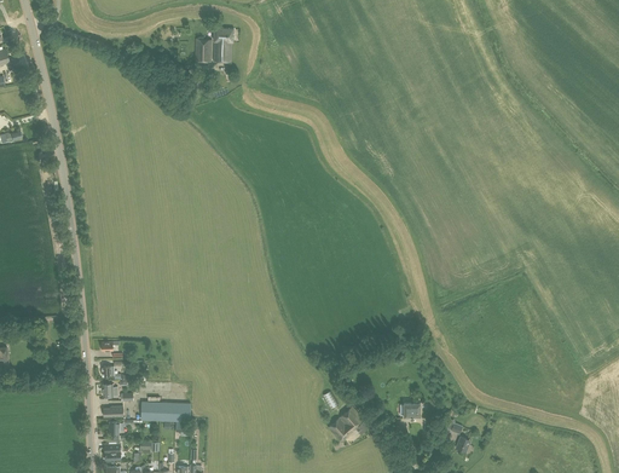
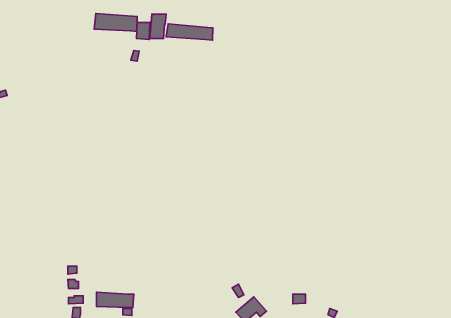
building: none -> [94,13,137,31]
building: none -> [166,24,213,40]

